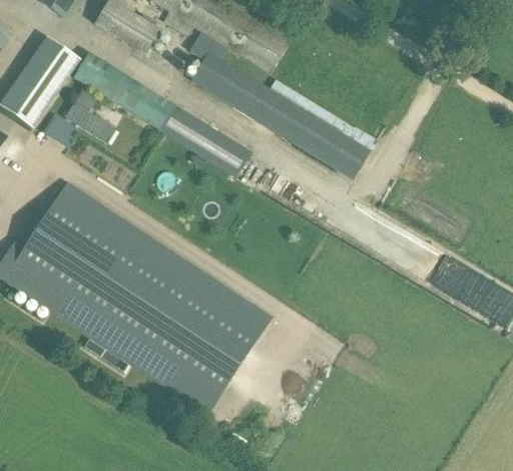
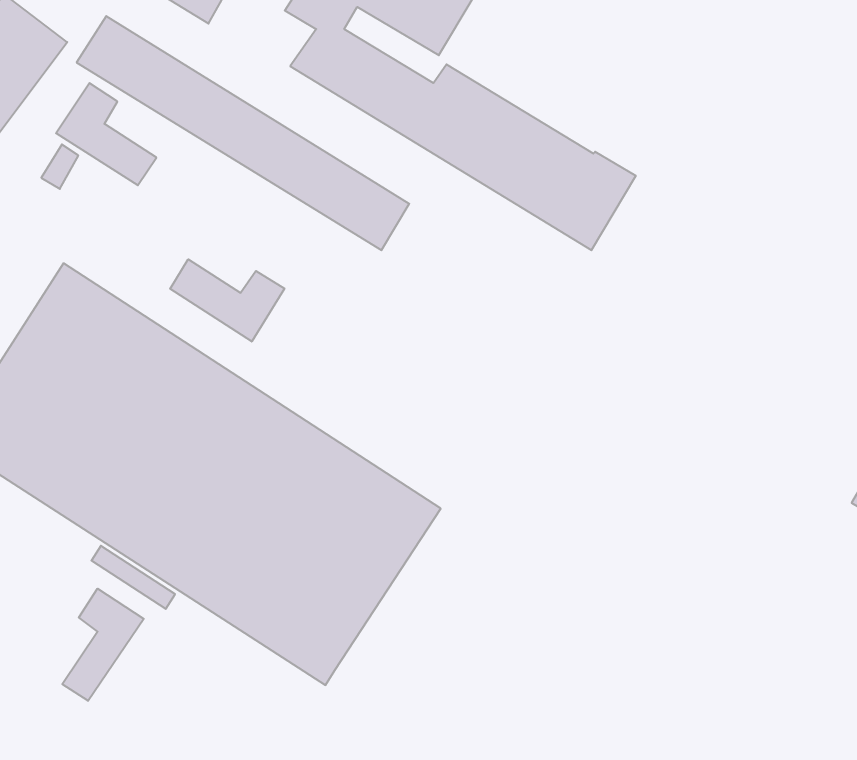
building: none -> [170,259,284,342]
building: none -> [62,589,144,701]

